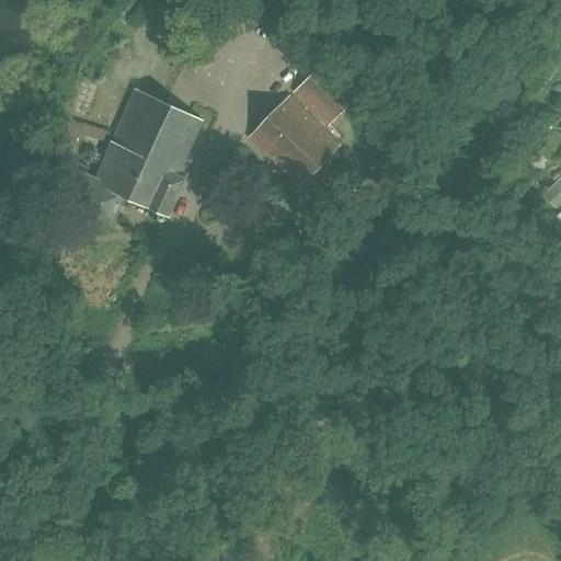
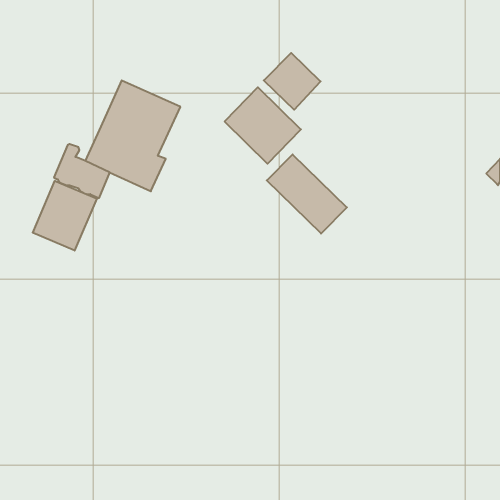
building: none -> [267,154,347,234]
building: none -> [33,181,97,251]

